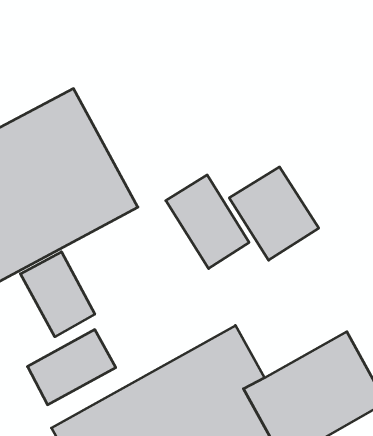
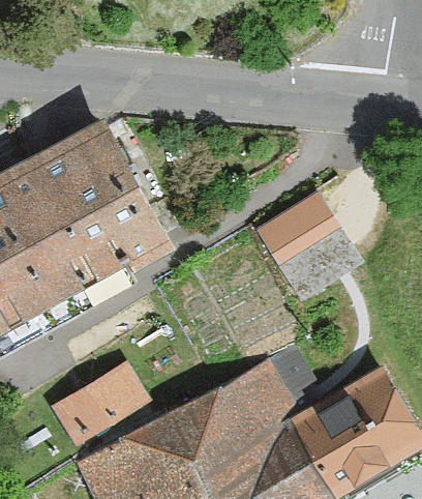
building: [166,175,249,269] -> none
building: [20,252,95,337] -> none

